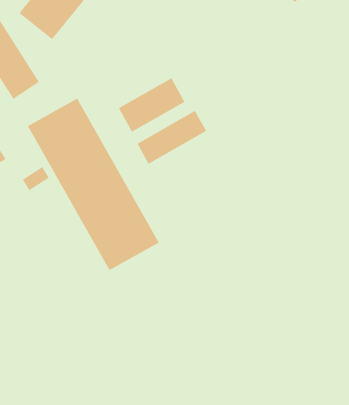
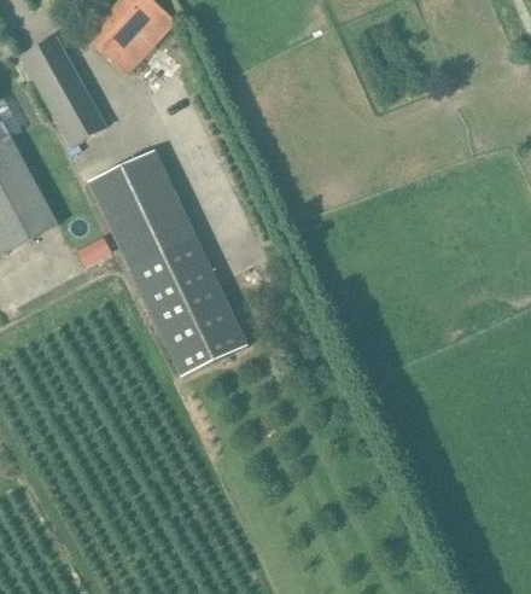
building: [118,77,186,133] -> none
building: [136,110,207,165] -> none

